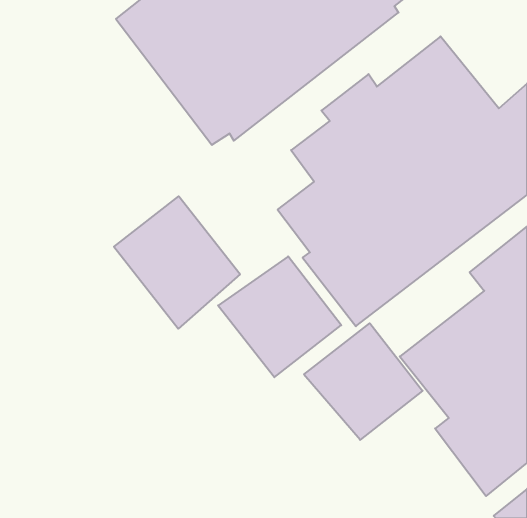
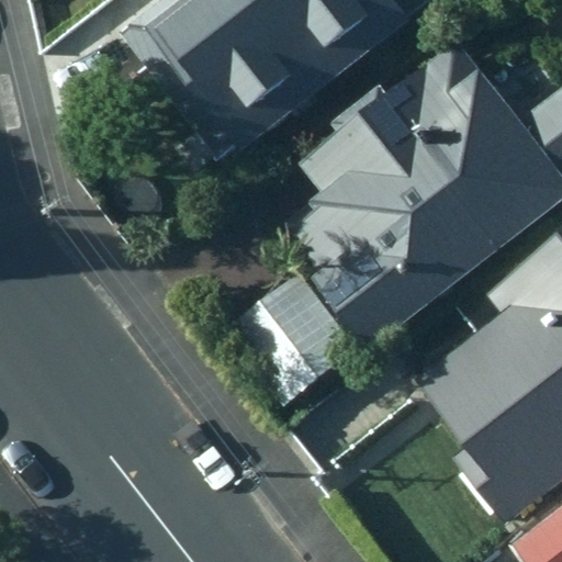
building: [114,196,240,329] -> none
building: [304,323,423,440] -> none

